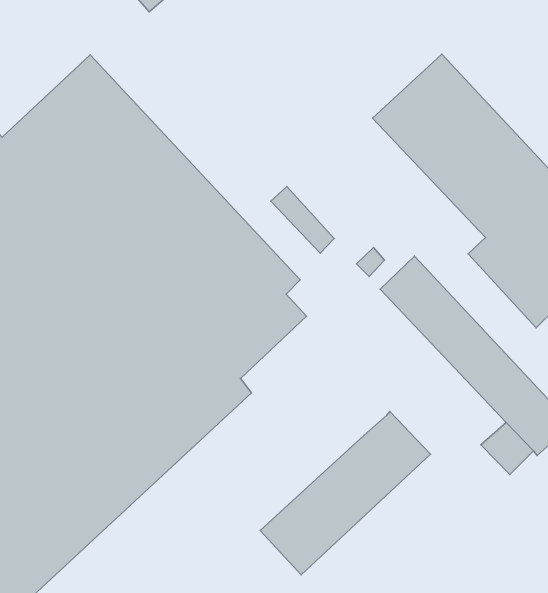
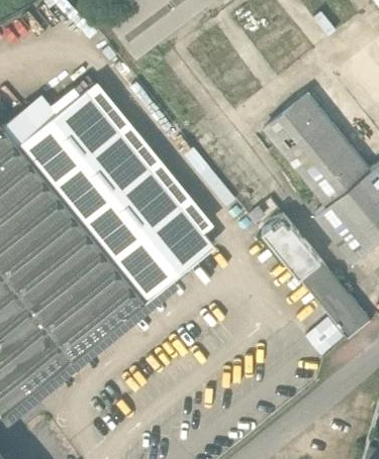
building: [260,411,431,575] -> none

